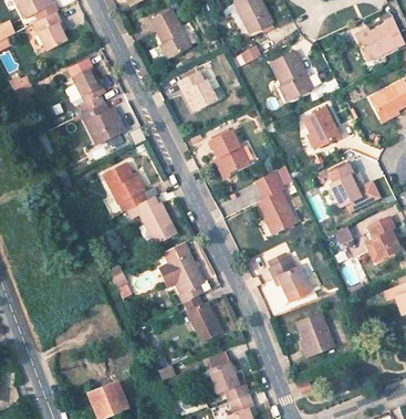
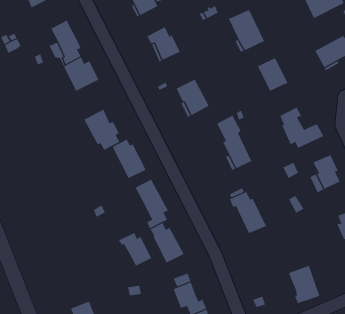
building: none -> [118,232,152,267]
building: [296,312,333,356] -> [288,265,320,304]

